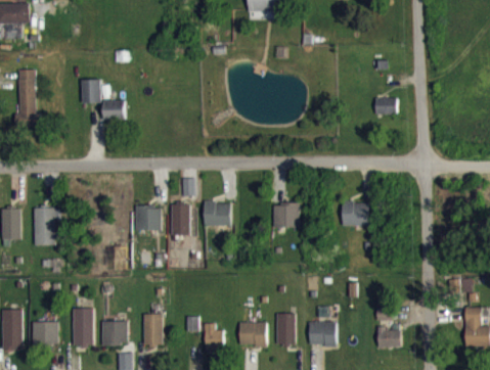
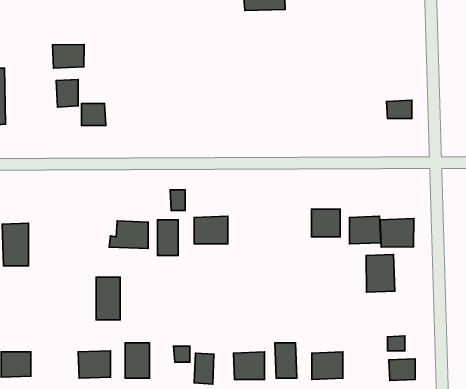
building: none -> [52,44,84,68]
building: none -> [380,219,414,247]
building: [273,202,299,227] -> [311,209,340,237]
building: none -> [366,255,395,292]
building: [73,308,94,345] -> [96,277,120,320]

